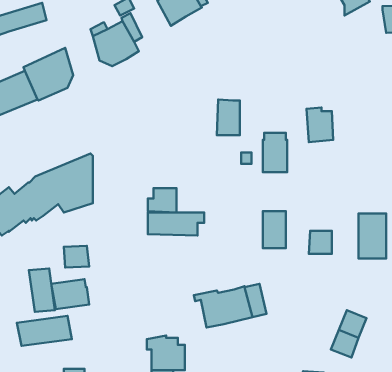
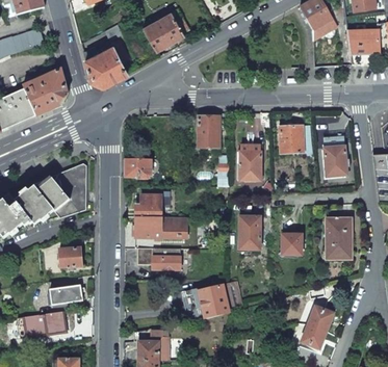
building: none -> [324,146,347,177]
building: none -> [125,158,151,178]
building: none -> [137,247,180,269]
building: [29,269,55,312] -> none

